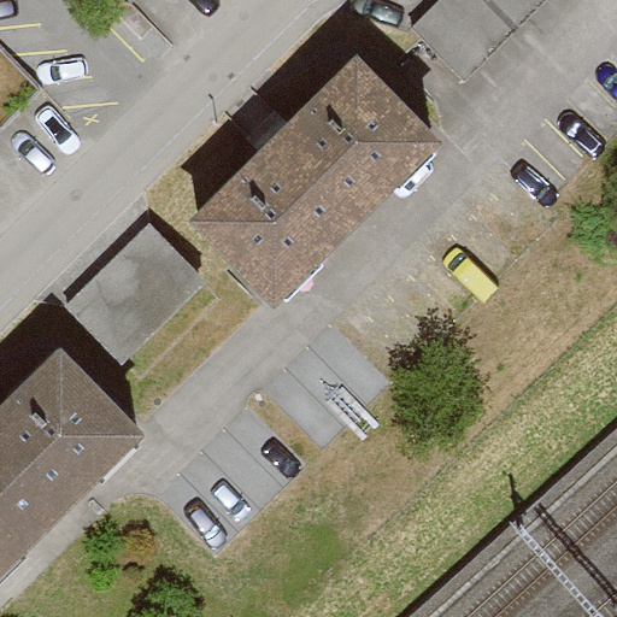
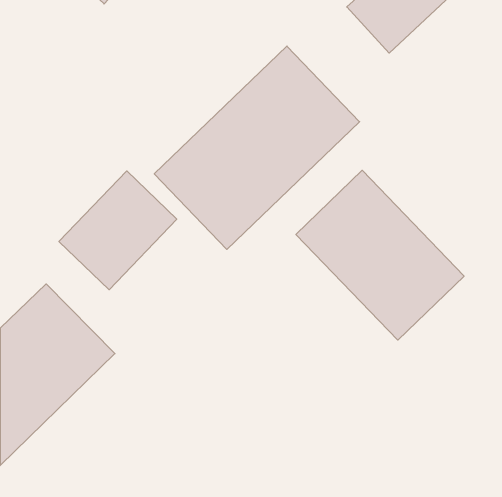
building: none -> [296,170,464,340]

